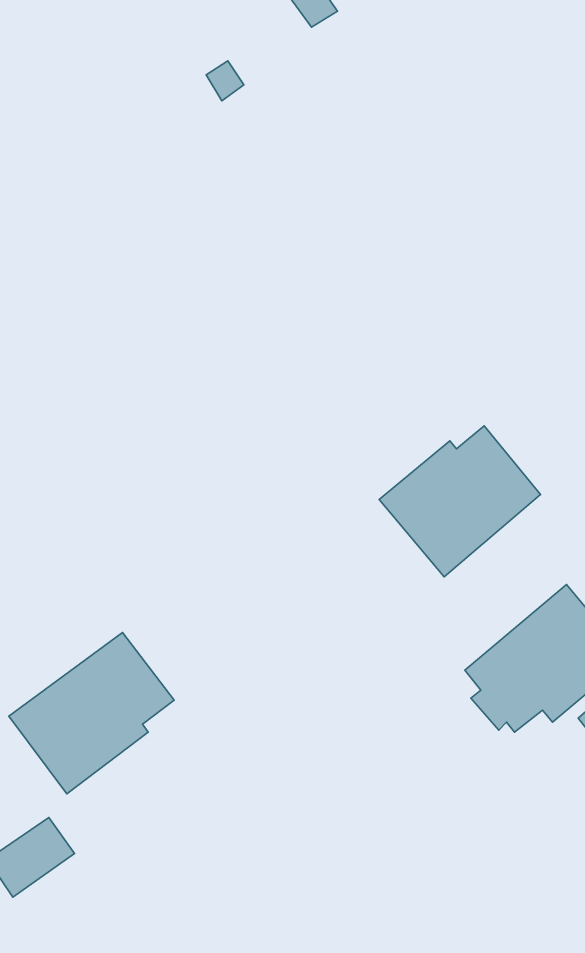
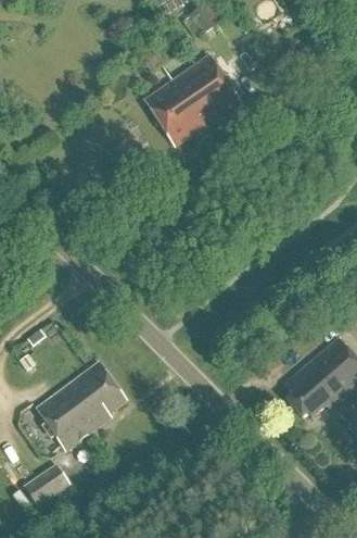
building: none -> [143,54,241,145]
building: [379,426,541,577] -> none

